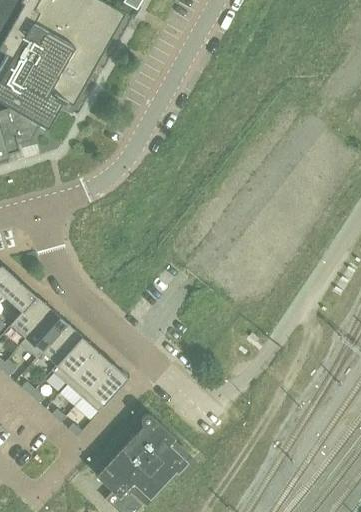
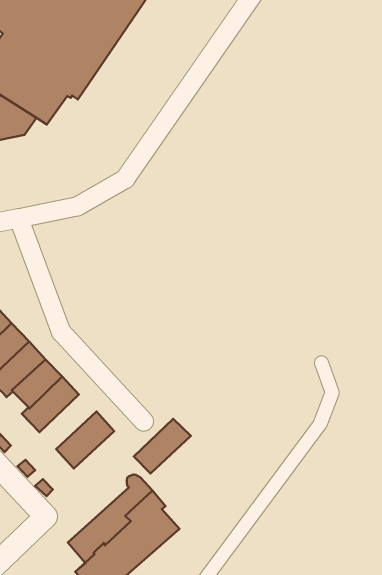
building: [65,351,111,398] -> [134,419,191,473]

